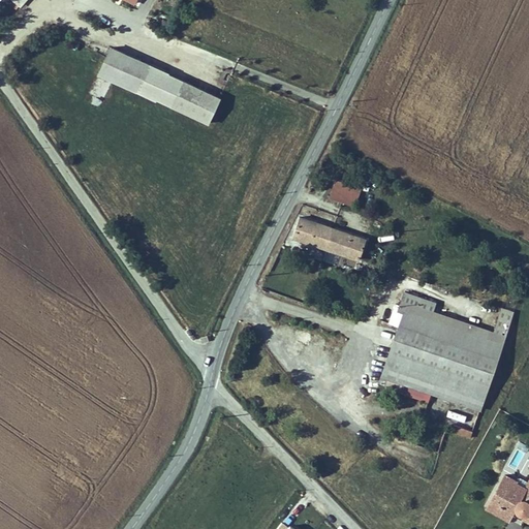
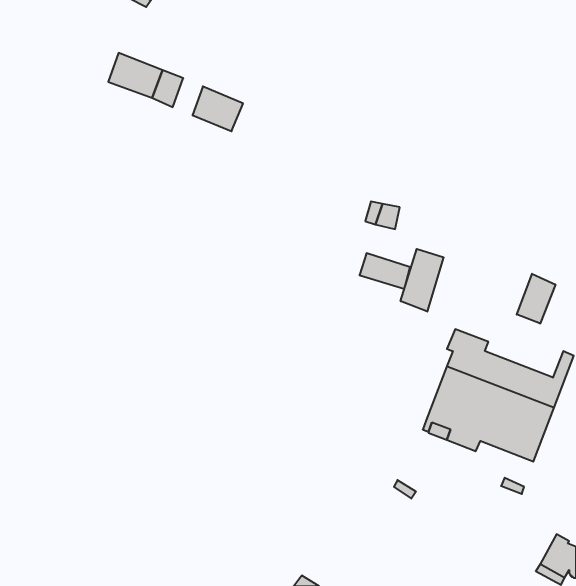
building: [155,70,182,103] -> none
building: [292,219,329,247] -> none
building: none -> [401,249,444,312]
building: none -> [517,274,555,324]

